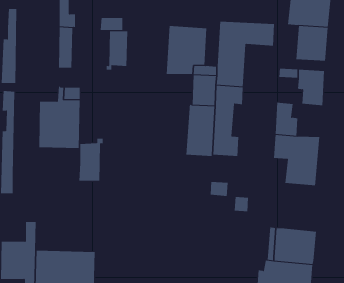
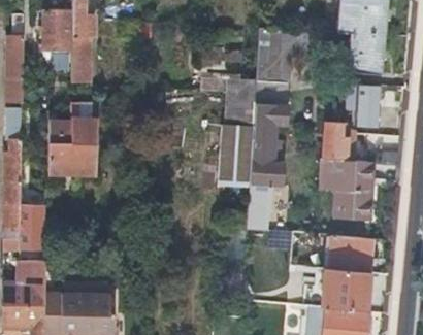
building: [106,31,128,70] -> [43,9,69,55]
building: [79,138,104,181] -> [19,199,47,248]
building: none -> [329,235,373,271]

